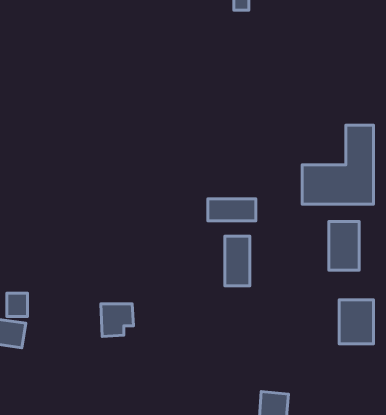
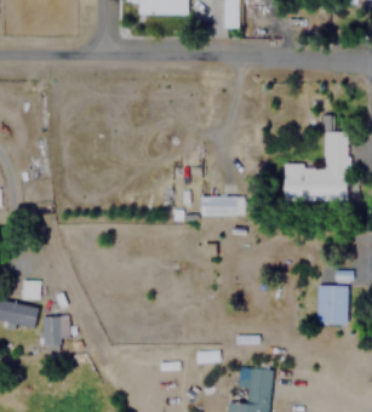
building: [329,222,359,270] -> none
building: [225,236,250,286] -> none
building: [101,304,134,337] -> [42,316,71,345]

